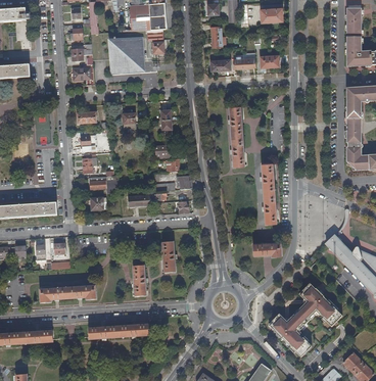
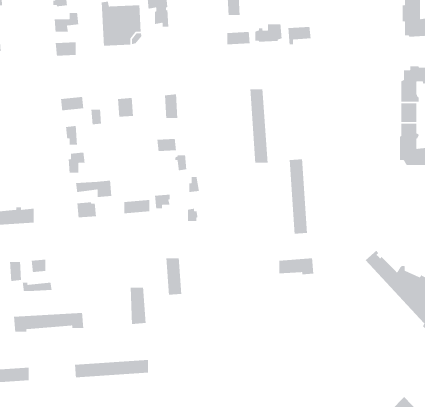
building: [268,281,341,355] -> none

